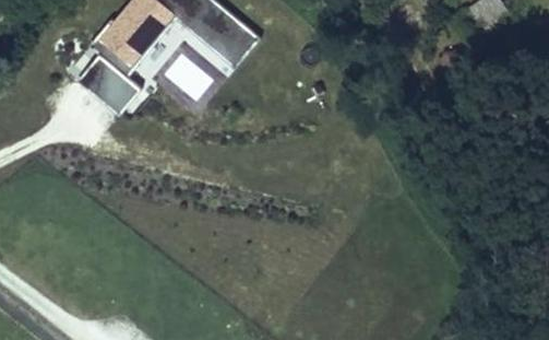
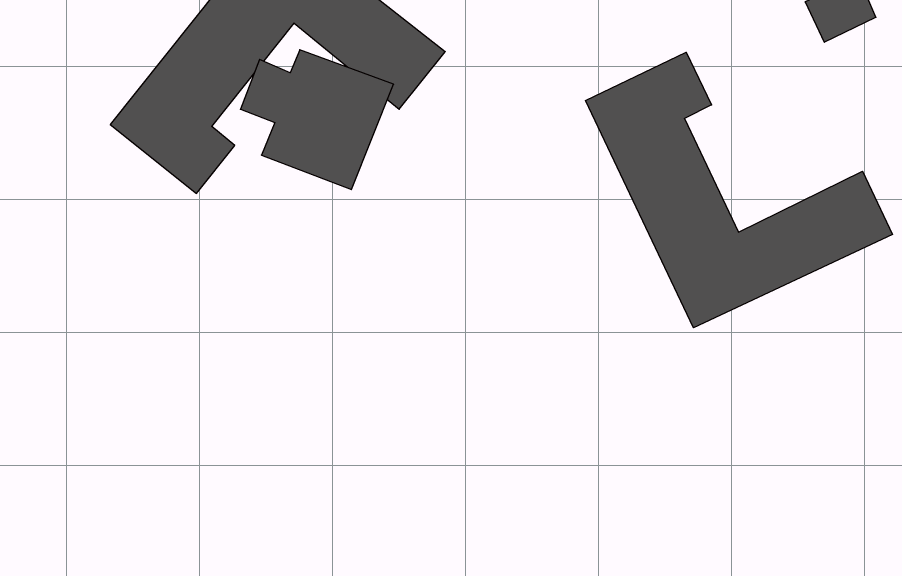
building: none -> [585,52,893,328]

